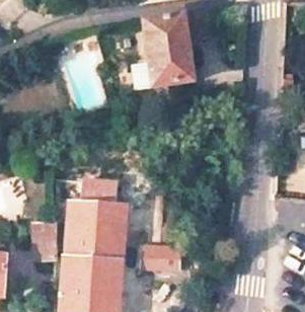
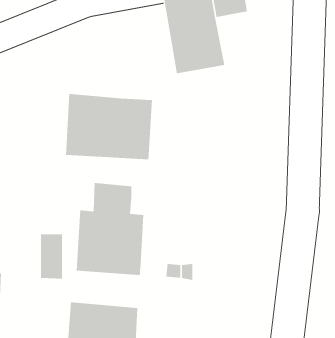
building: none -> [65,93,153,160]
building: [62,253,122,285] -> none

